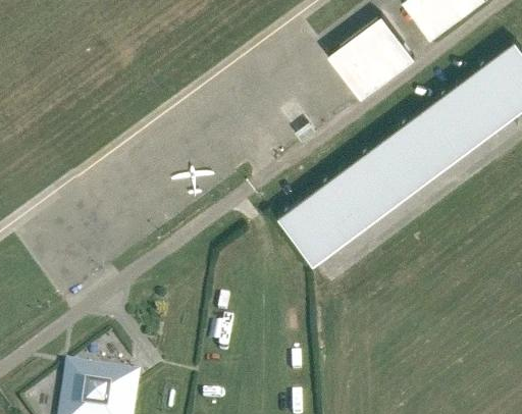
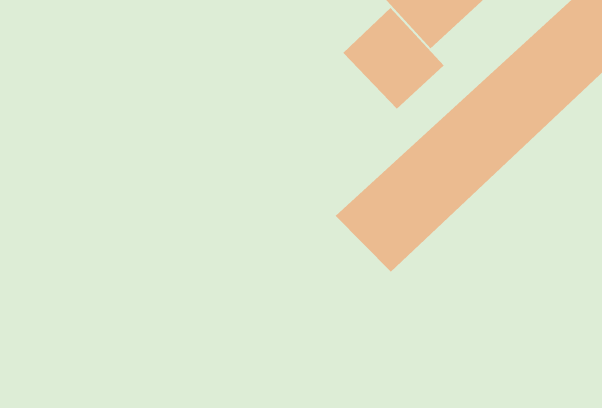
building: none -> [343,7,445,110]

